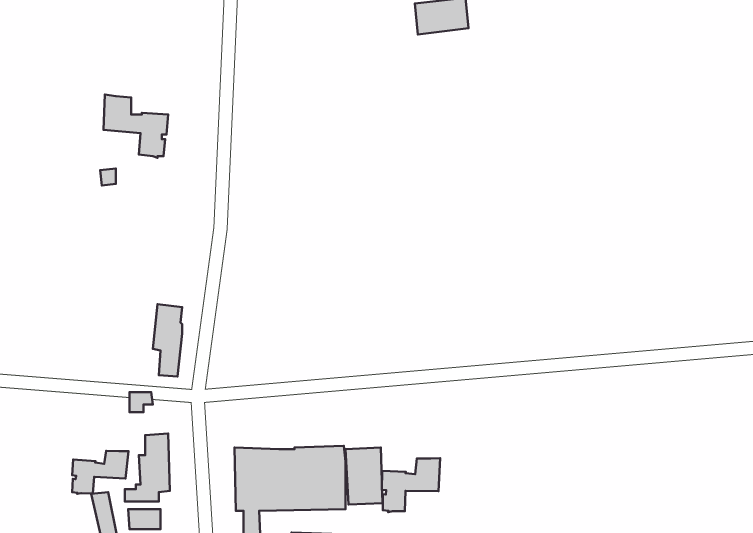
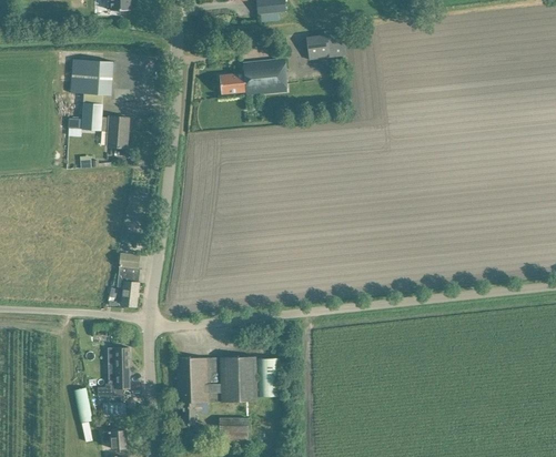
building: none -> [70,58,117,94]
building: none -> [220,59,286,94]
building: [72,451,128,494] -> none
building: [382,458,440,512] -> none

